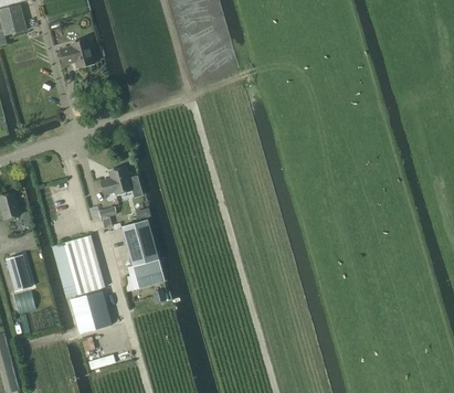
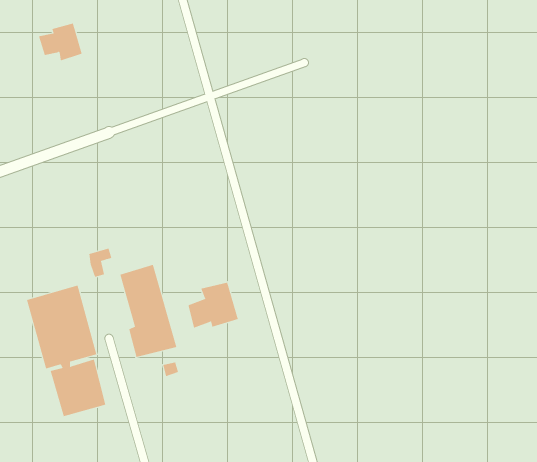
building: [101,167,131,193] -> none
building: none -> [188,282,238,328]

